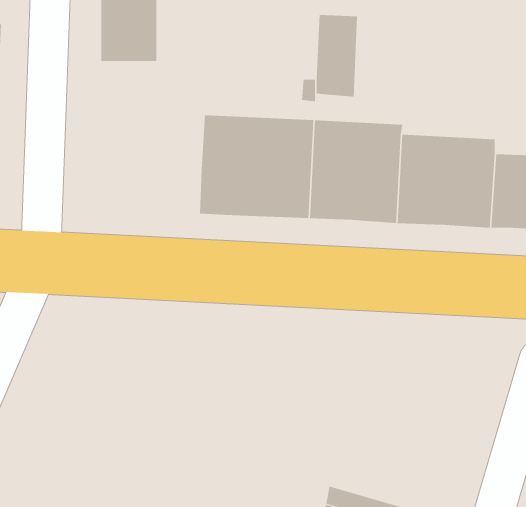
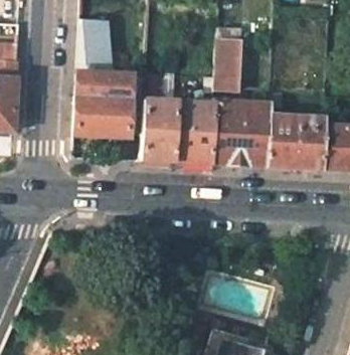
building: none -> [74,71,146,136]

